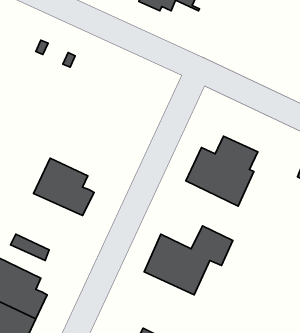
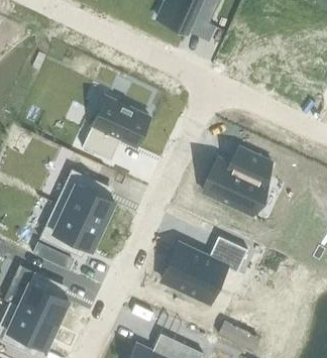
building: none -> [82,97,149,161]
building: none -> [39,204,103,256]

